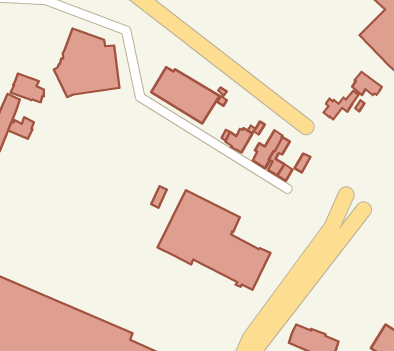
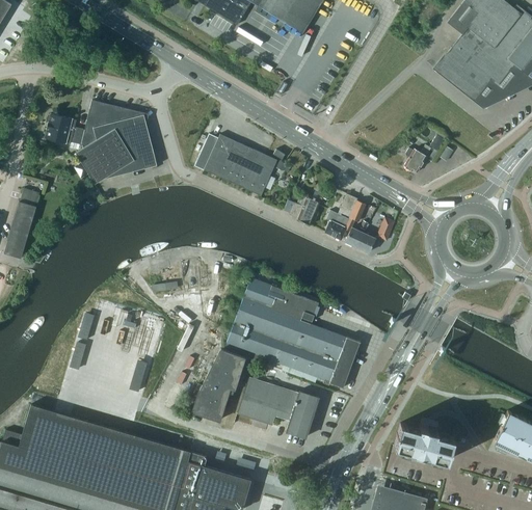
building: [352,72,382,95] -> none
building: [11,74,44,102] -> [44,113,84,144]
building: [8,117,34,139] -> none
building: none -> [191,349,244,421]
building: none -> [237,377,317,437]

